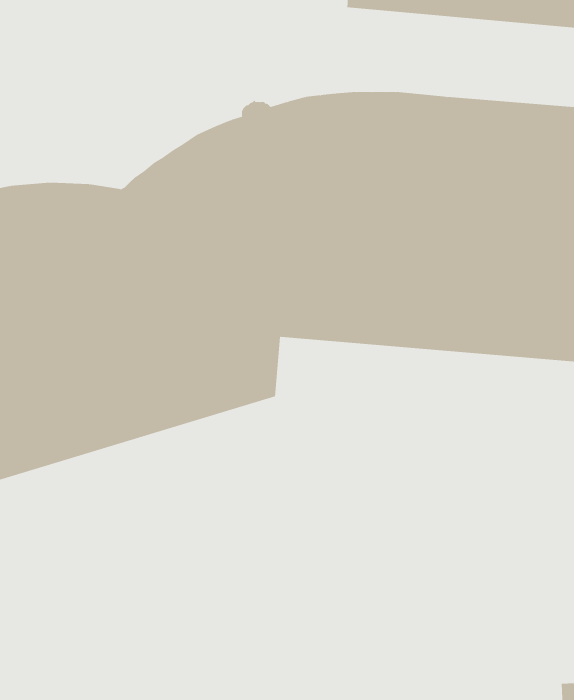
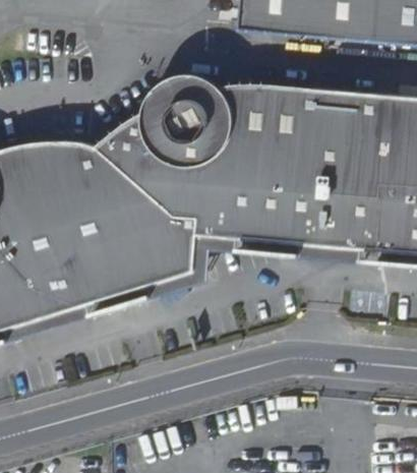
building: none -> [152,73,228,110]

